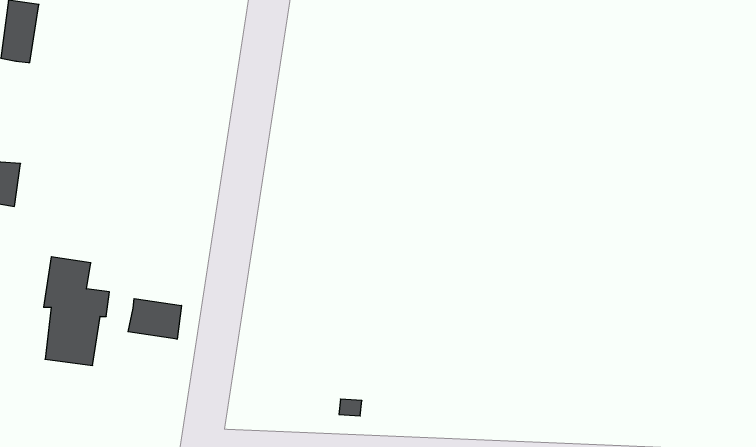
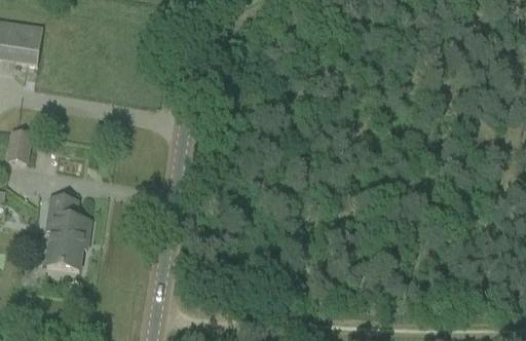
building: [128,299,181,339] -> none

